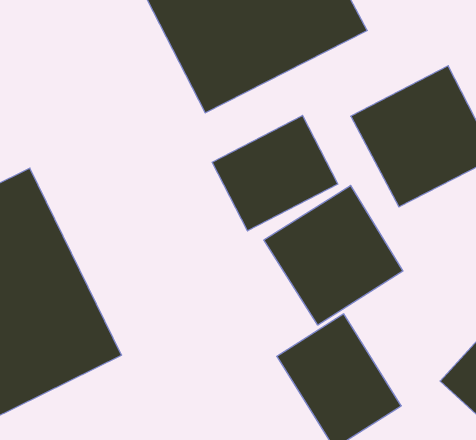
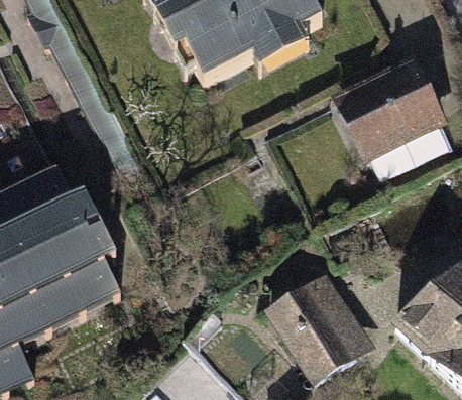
building: [212,115,338,231] -> none
building: [264,185,403,325] -> none

